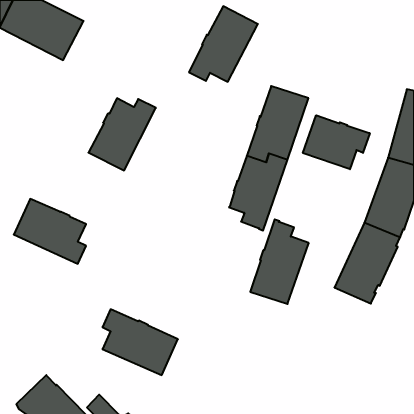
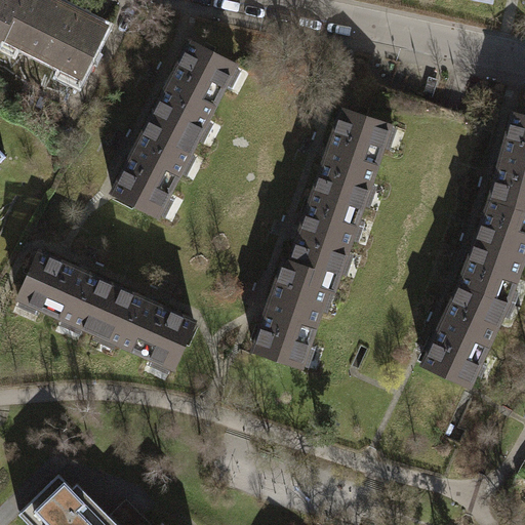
building: [189,6,258,82] -> [148,42,235,137]
building: [303,115,370,169] -> none
building: [250,219,309,304] -> [253,259,327,366]
building: [102,309,178,375] -> [98,284,194,367]

